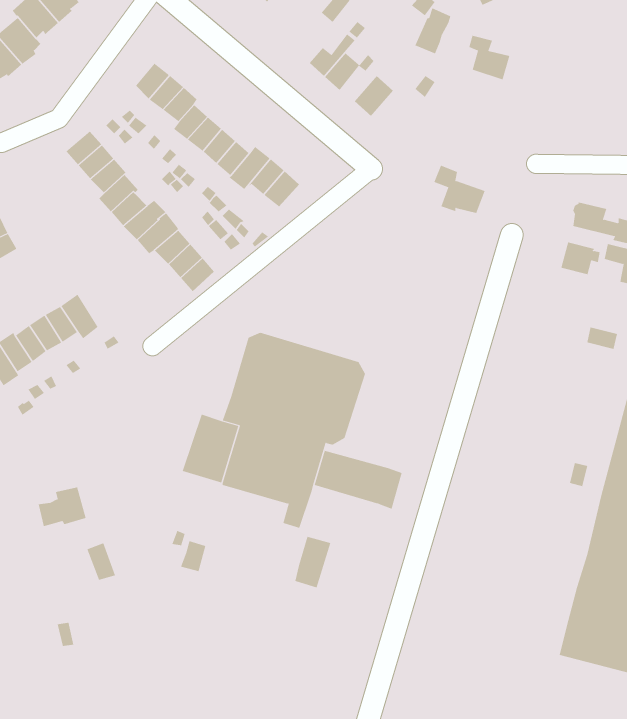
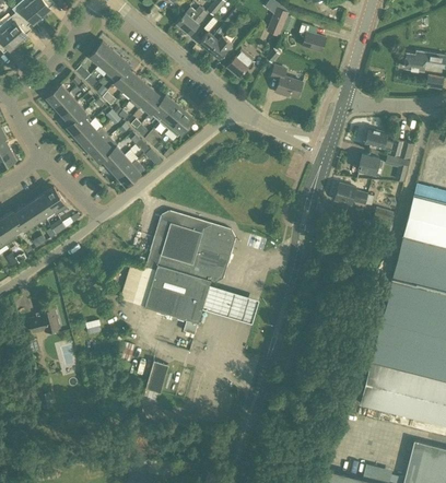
building: none -> [176,7,207,35]
building: [434,165,486,214] -> [270,66,303,96]
building: none -> [334,184,367,204]
building: [295,536,331,588] -> [145,361,168,393]

